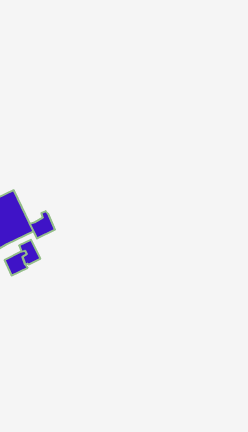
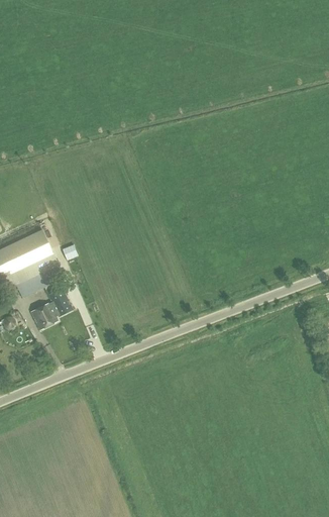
building: [30,211,55,239] -> none

